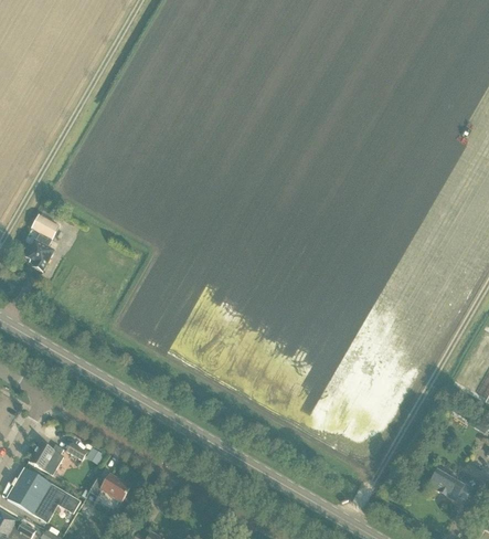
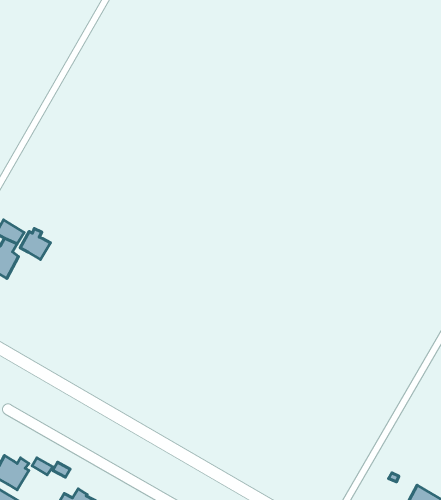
building: none -> [20,229,51,260]

